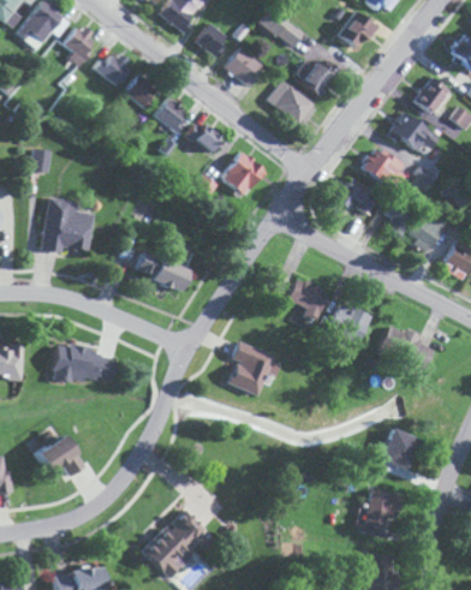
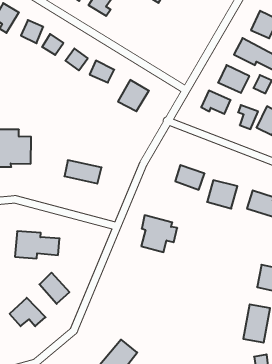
building: [225,47,263,85] -> none
building: [300,60,334,96] -> none
building: [268,82,318,125] -> none
building: none -> [39,273,69,304]

